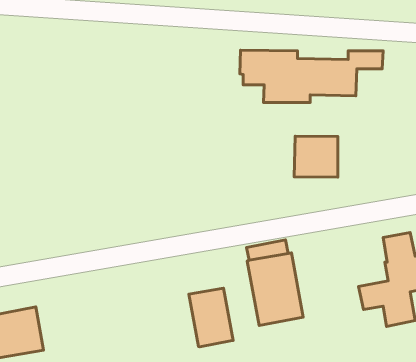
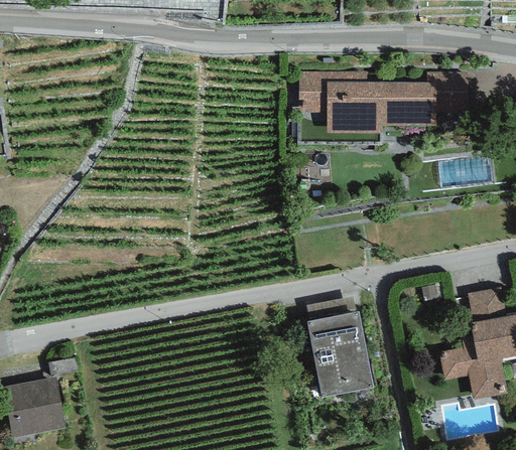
building: [294,136,338,177] -> none
building: [189,288,233,347] -> none

